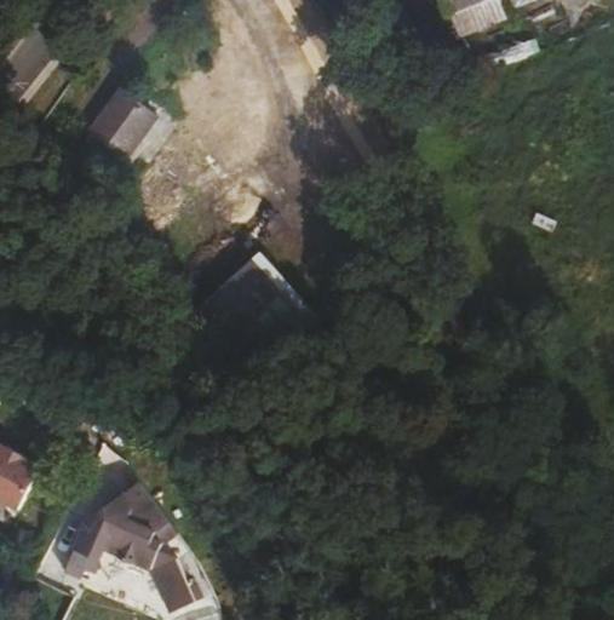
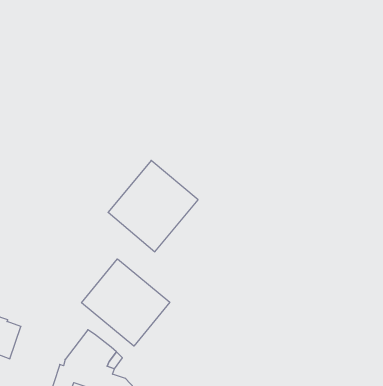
building: [92,94,154,159] -> none
building: none -> [82,259,170,346]

